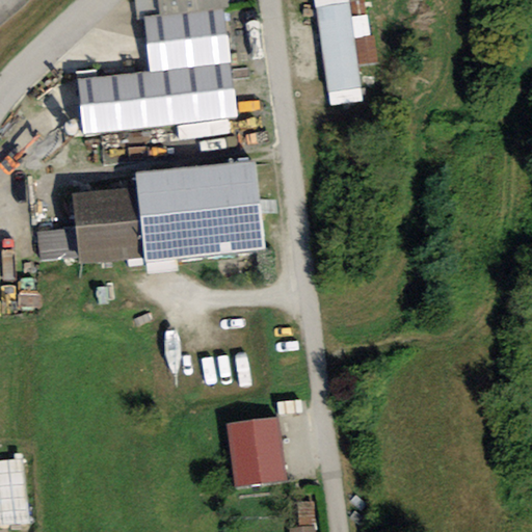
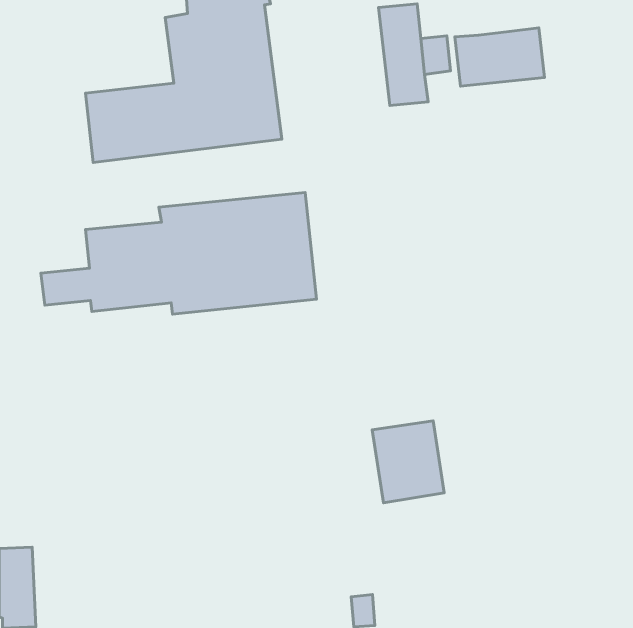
building: none -> [455,28,545,86]
building: [224,418,285,486] -> [372,421,444,503]

